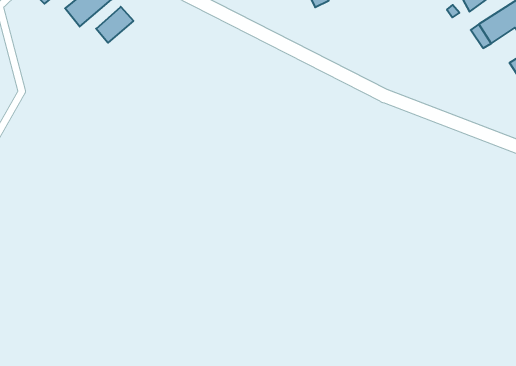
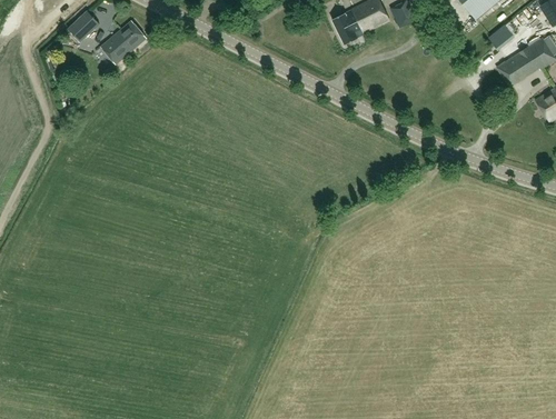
building: [96,7,133,43] -> none

